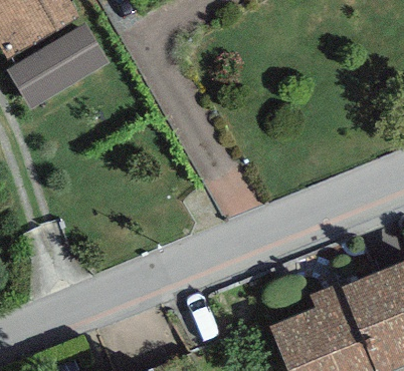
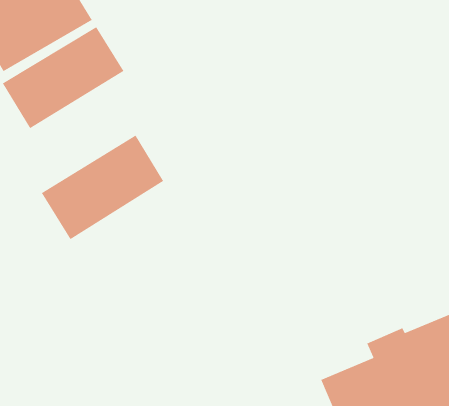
building: none -> [41,134,164,240]

